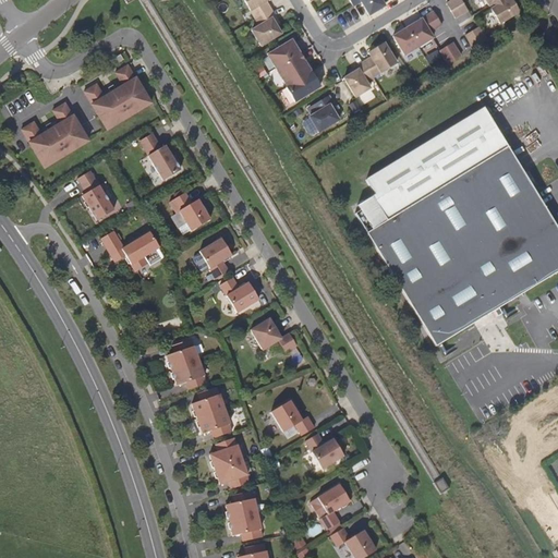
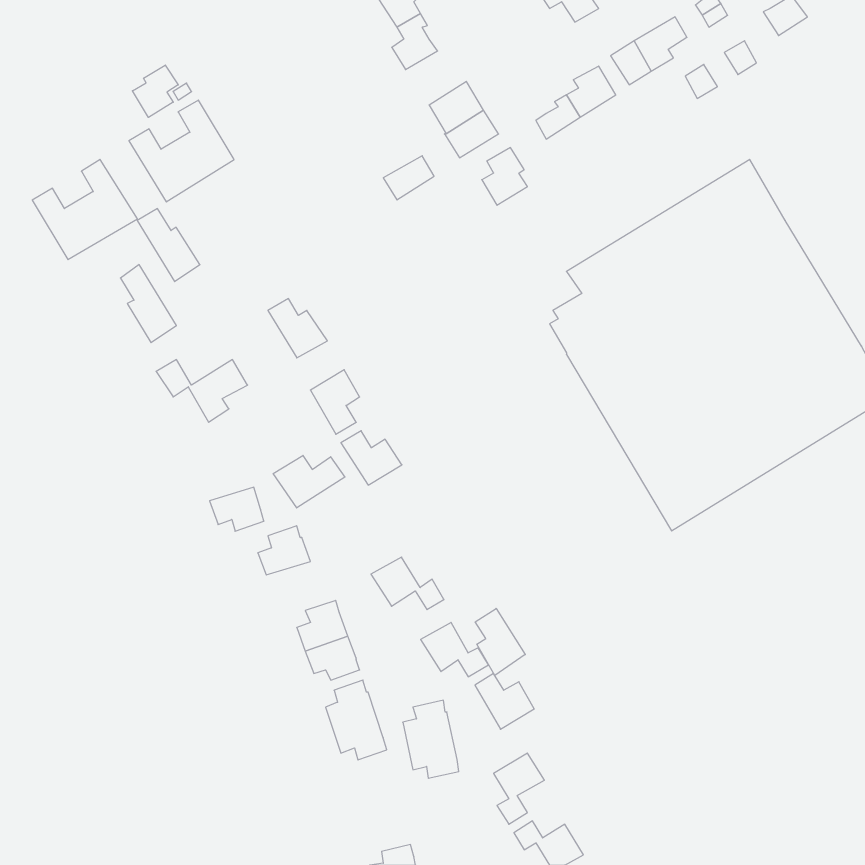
building: [268,39,301,68] -> [383,156,434,200]
building: none -> [132,65,178,117]
building: [141,133,181,180] -> [137,209,200,282]
building: none -> [273,455,345,508]
building: [251,318,298,352] -> [371,557,444,610]
building: [172,361,207,389] -> [210,487,264,531]
building: none -> [475,608,525,675]
building: [227,490,263,541] -> [403,700,459,778]

